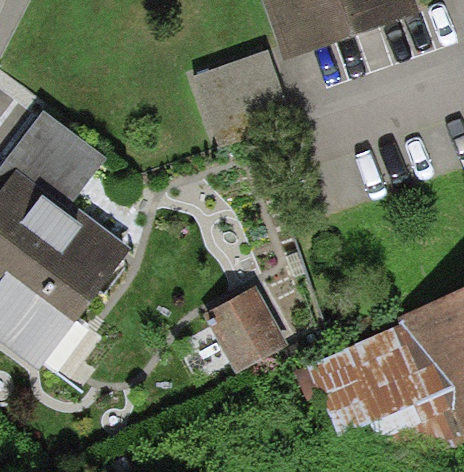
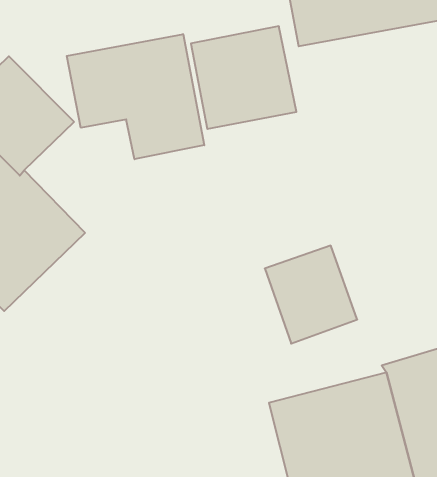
building: none -> [67,34,204,159]
building: [205,285,289,372] -> [265,246,357,344]

